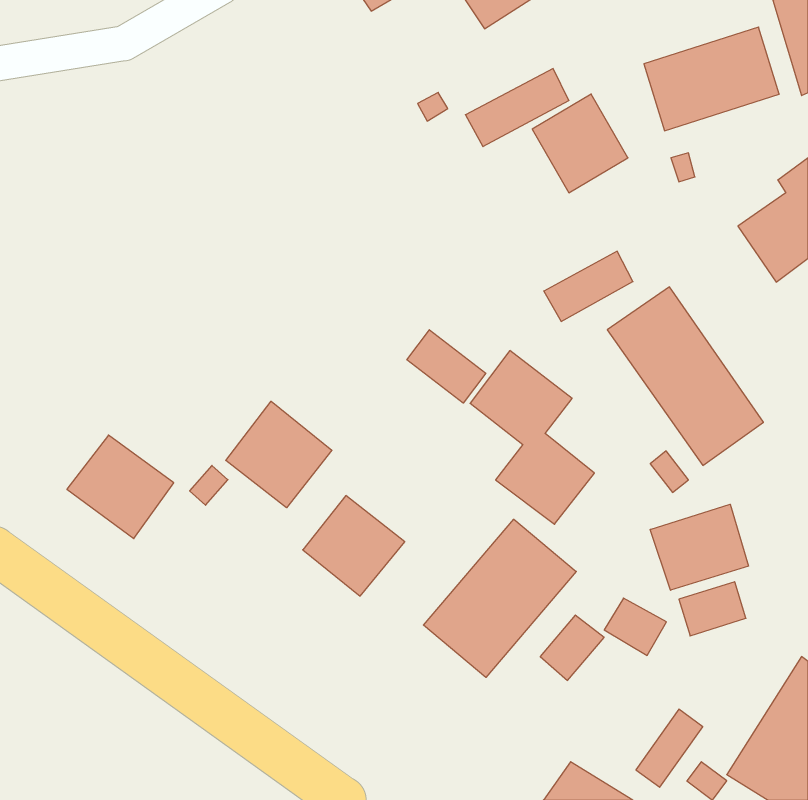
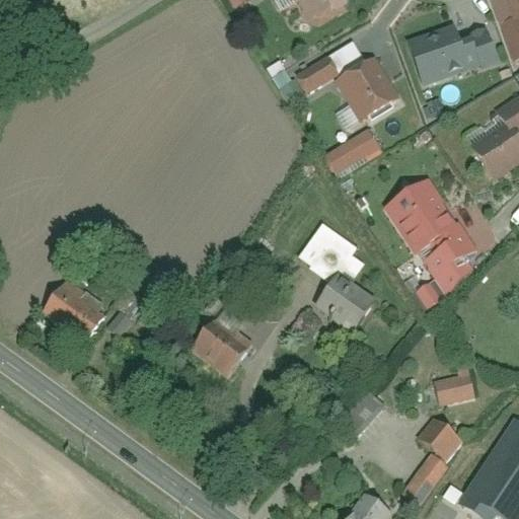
building: [544,251,633,321] -> [325,129,382,173]
building: [407,330,486,403] -> none
building: [226,401,332,508] -> none
building: [650,504,749,590] -> none
building: [423,519,576,677] -> none
building: [604,598,666,655] -> [417,416,456,452]

